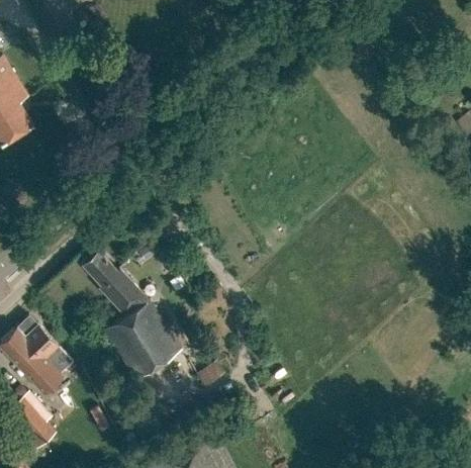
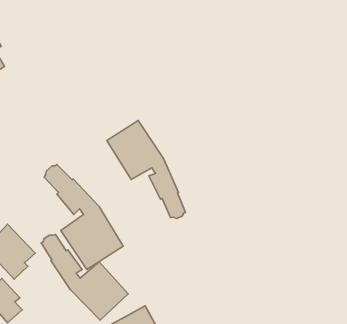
building: none -> [107,120,186,218]
building: none -> [41,234,128,320]

